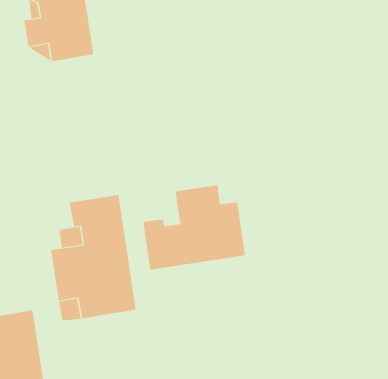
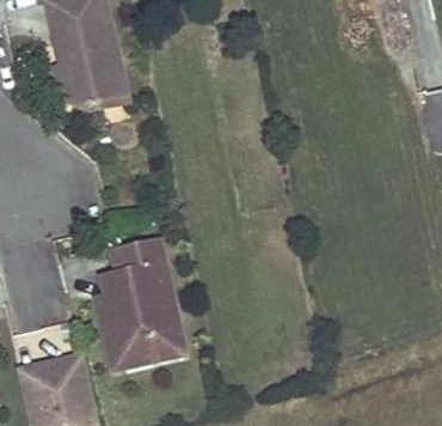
building: [143,184,245,271] -> none

